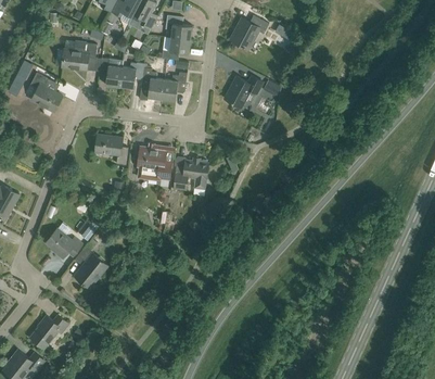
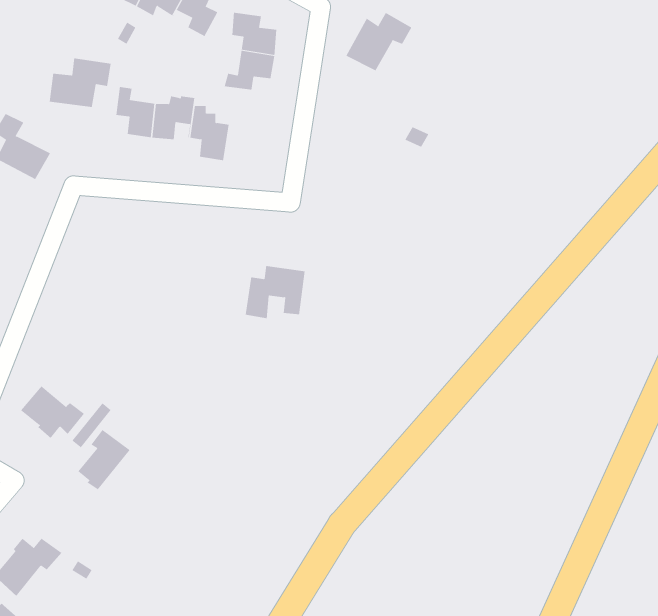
building: [161,73,185,101] -> none
building: [223,76,261,108] -> none
building: [94,135,127,165] -> none
building: [137,146,170,179] -> none

